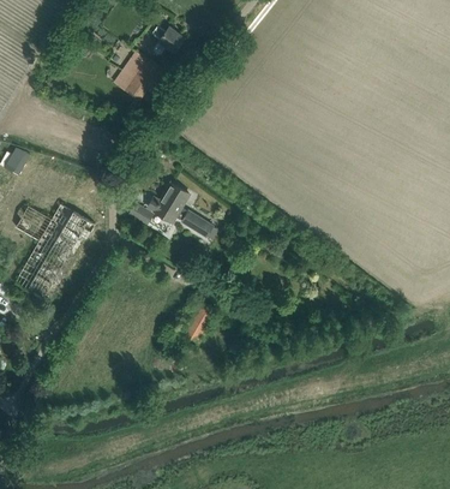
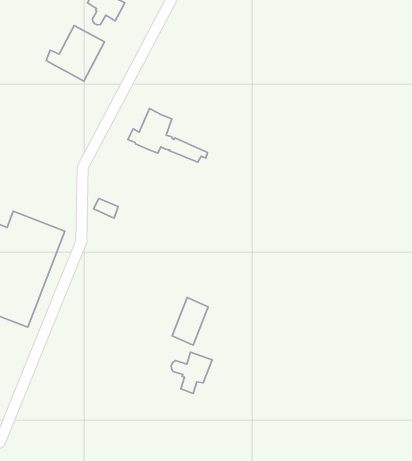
building: [148,183,215,235] -> [128,108,208,162]
building: none -> [171,352,212,393]

